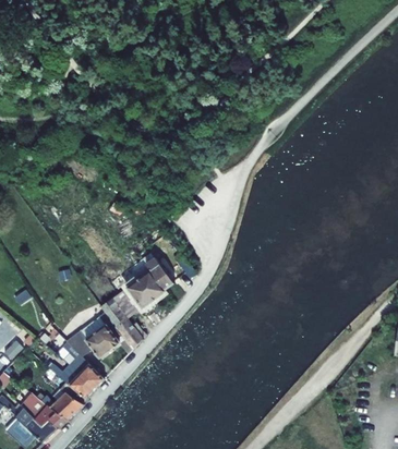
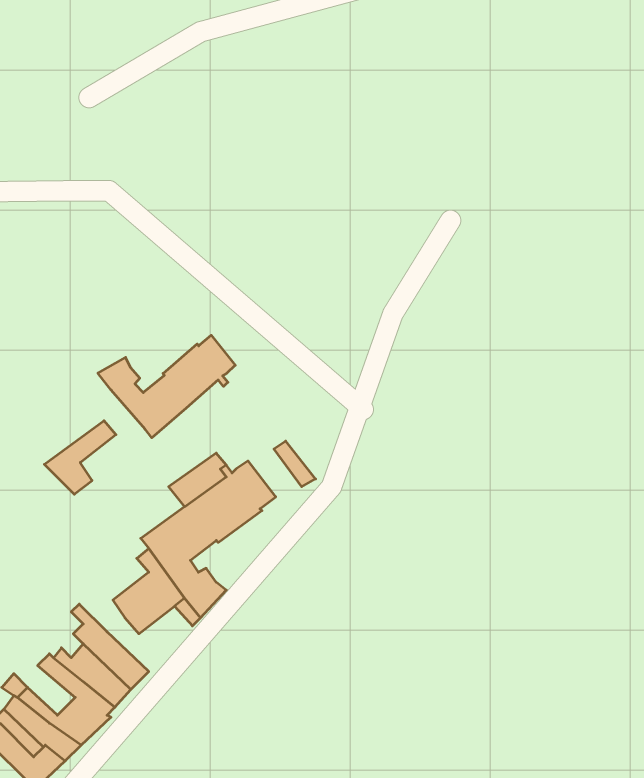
building: none -> [98,335,235,438]
building: [64,317,104,357] -> [44,421,116,494]

